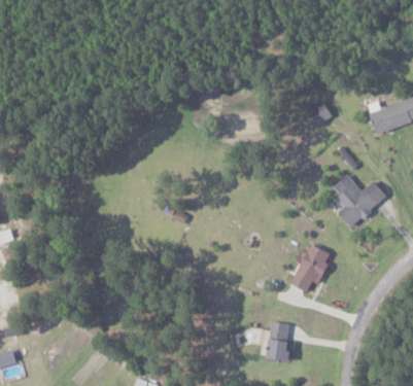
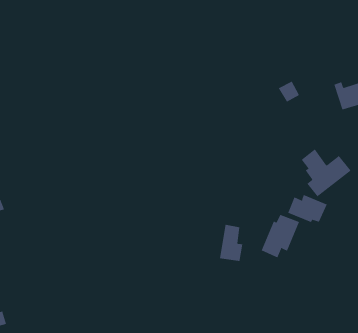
building: none -> [288,194,327,223]
building: [266,321,291,361] -> [219,224,243,261]

